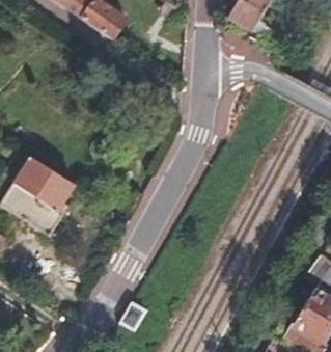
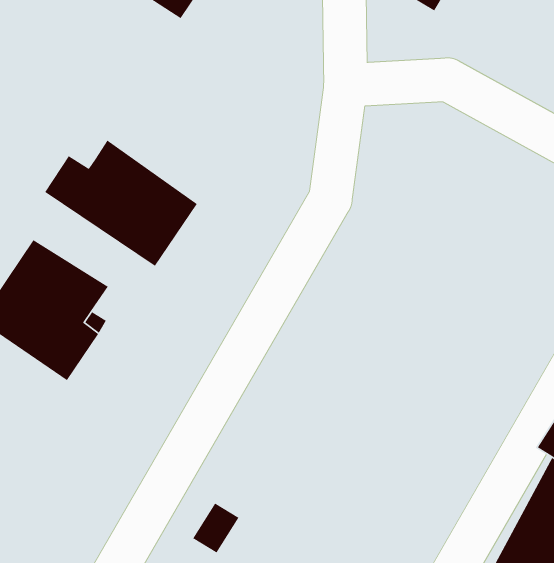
building: none -> [44,140,198,267]

